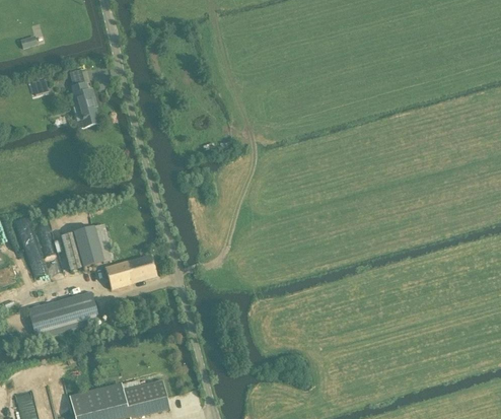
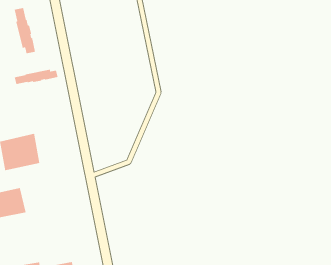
building: none -> [14,64,58,85]
building: [102,256,155,289] -> none

